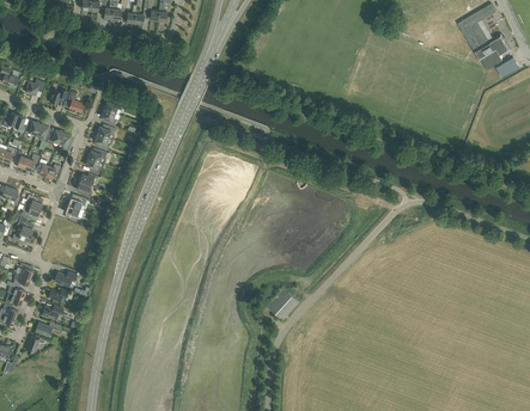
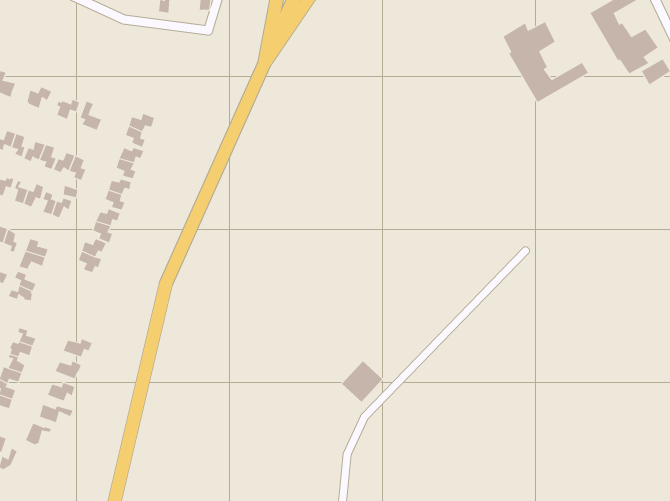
building: none -> [503,21,589,103]

